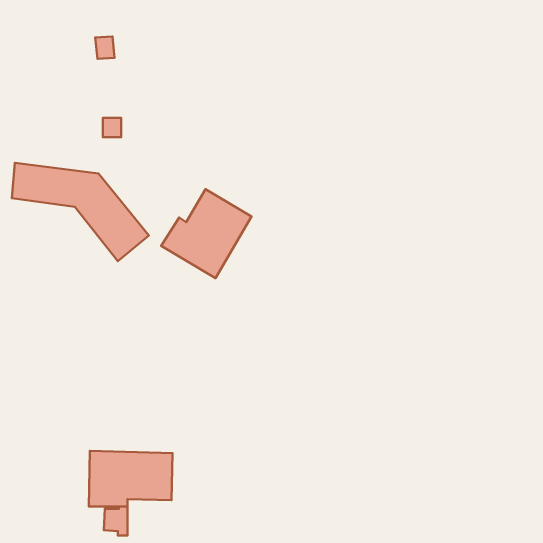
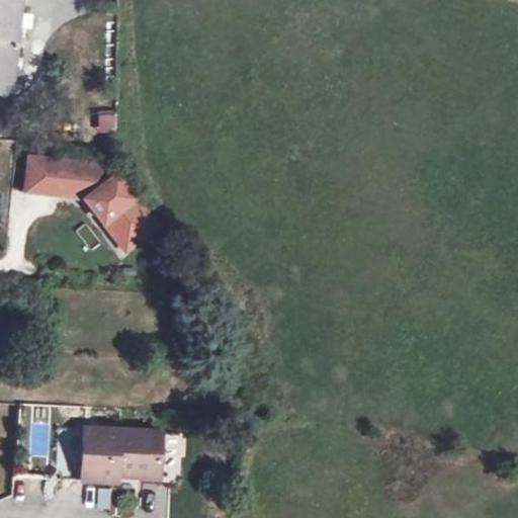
building: [161,189,252,278] -> none

